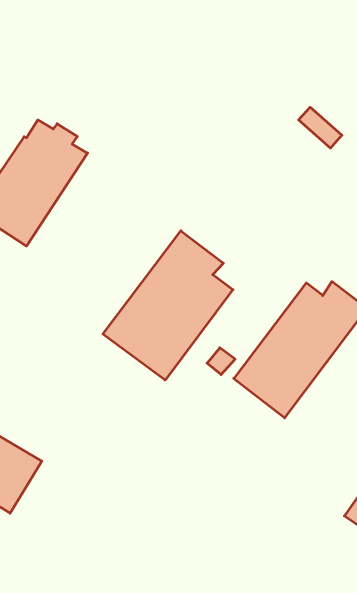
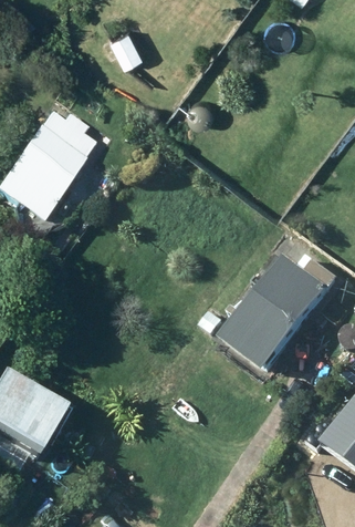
building: [103,231,233,380] -> none

